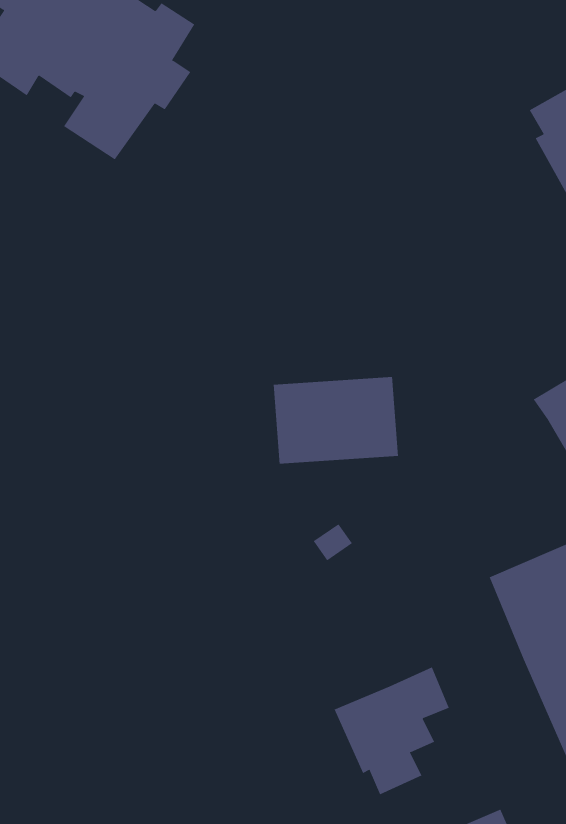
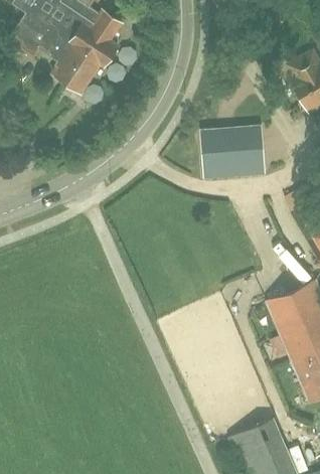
building: [273,376,399,464] -> [201,133,265,177]
building: [334,667,450,795] -> none

